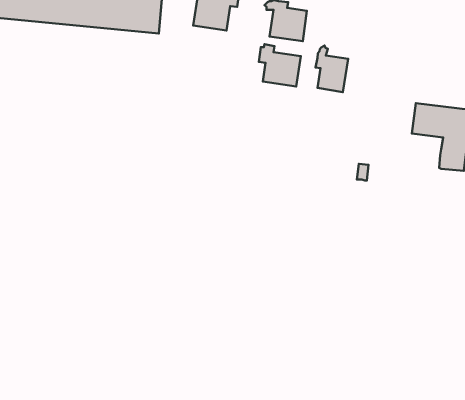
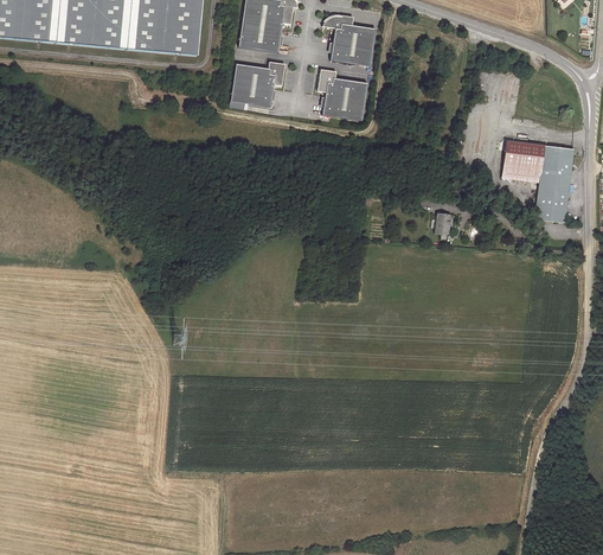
building: none -> [229,62,283,109]
building: [316,46,348,92] -> none

